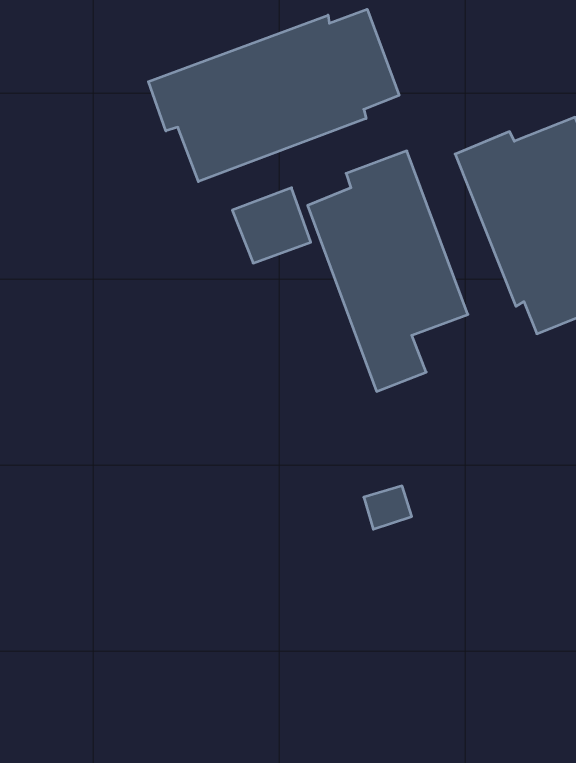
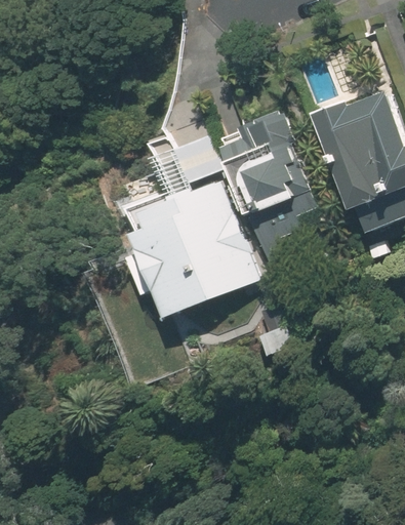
building: [148,9,399,182] -> none
building: none -> [127,179,257,318]

